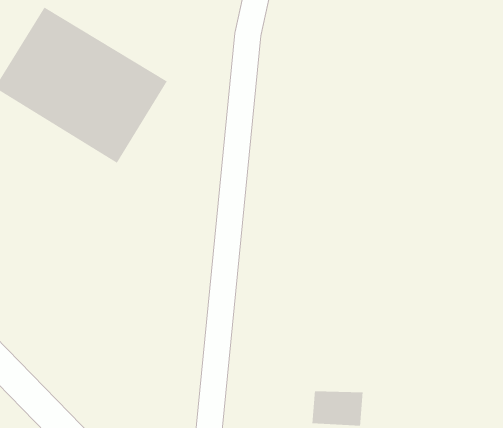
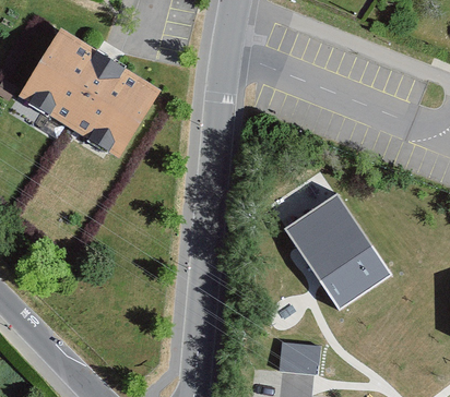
building: none -> [285,193,390,309]

